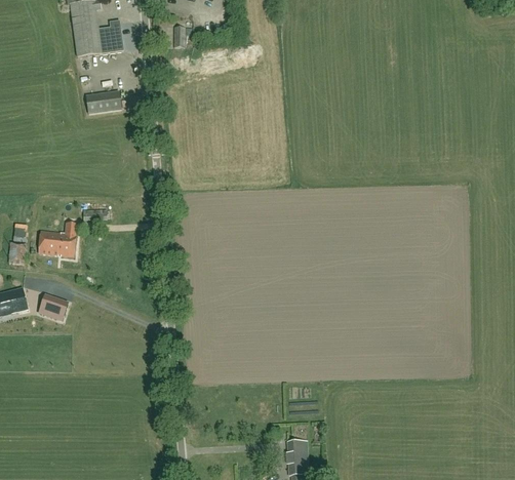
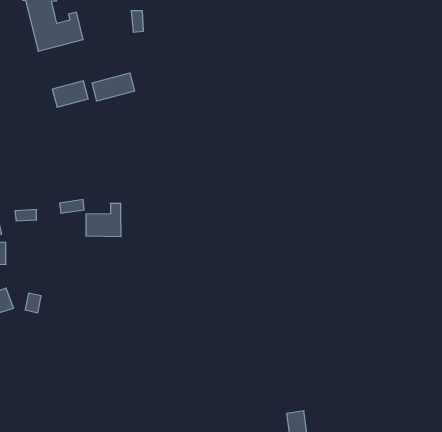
building: none -> [92,73,135,101]
building: [39,223,77,256] -> [86,203,121,236]

